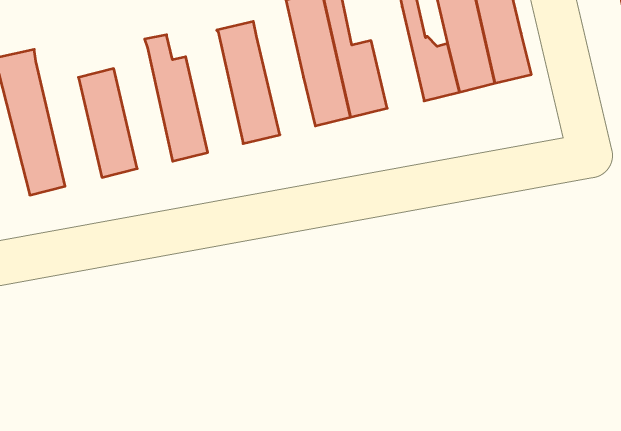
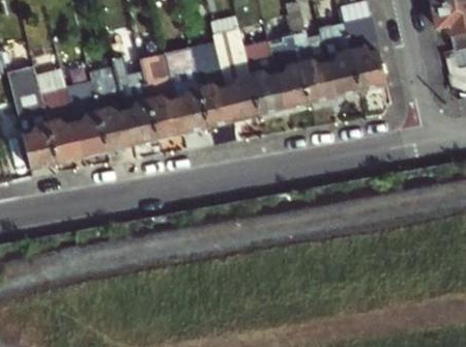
building: none -> [269,37,310,109]
building: none -> [139,54,182,140]
building: none -> [192,57,233,127]
building: none -> [89,66,133,151]
building: none -> [36,69,83,164]

